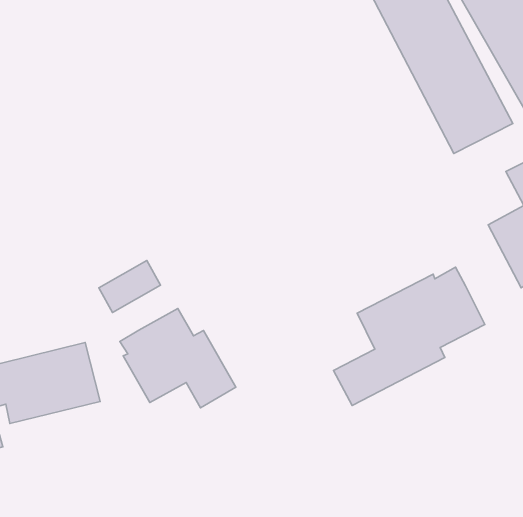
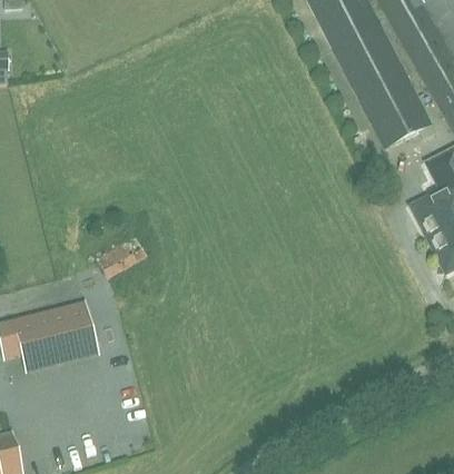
building: [333,267,485,405] -> none
building: [120,309,236,408] -> none

